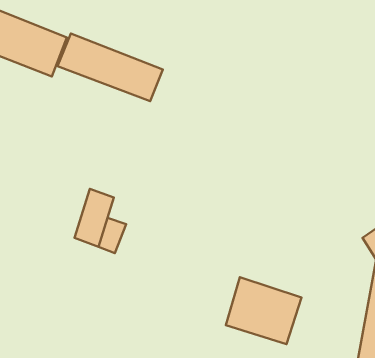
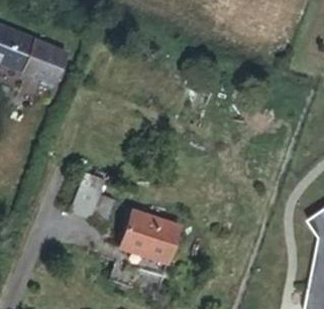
building: [57,33,163,101] -> none
building: [226,277,302,344] -> [122,210,183,264]

